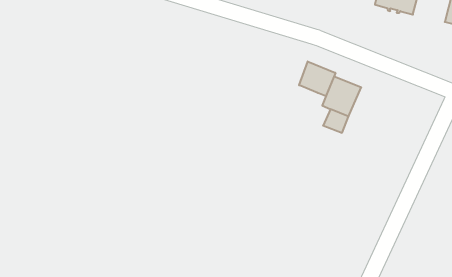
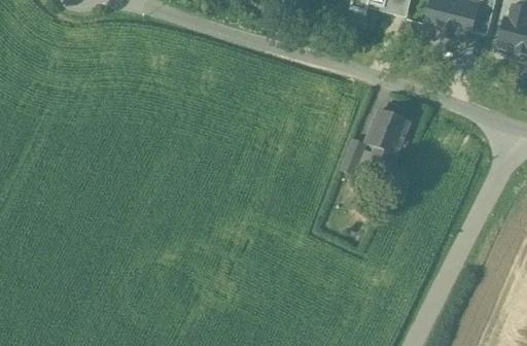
building: [299,61,335,96] -> none

